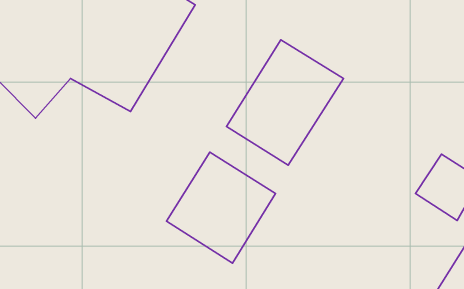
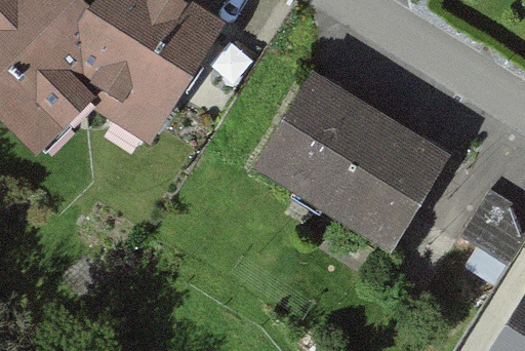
building: none -> [323,107,453,246]
building: [166,152,275,263] -> none

